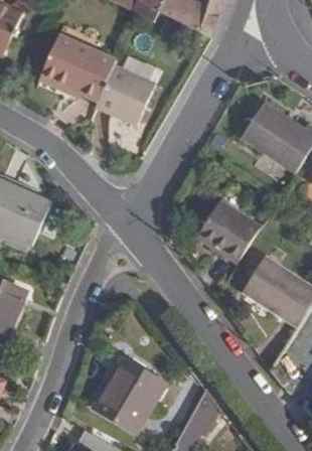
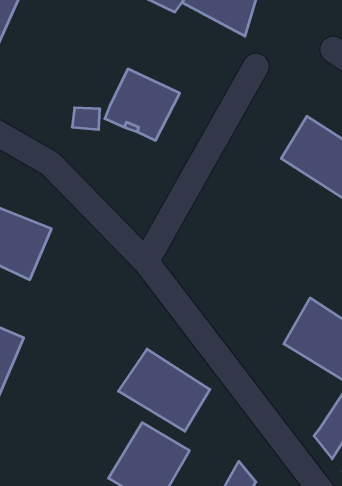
building: [43,29,117,97] -> none
building: [196,198,260,263] -> none
building: none -> [118,349,210,431]

